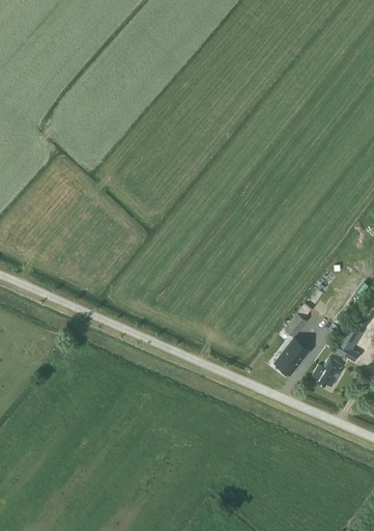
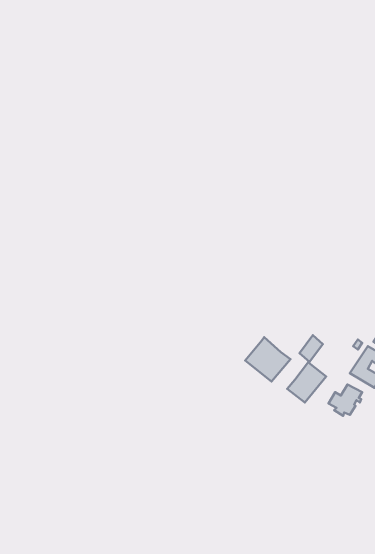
building: none -> [245,337,291,381]

